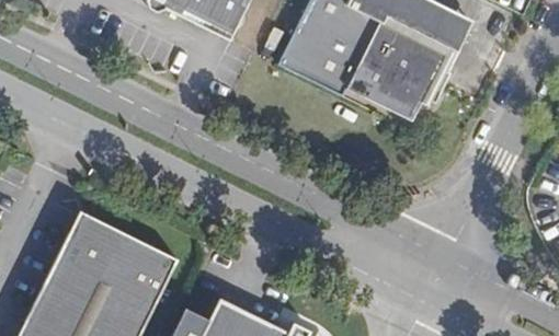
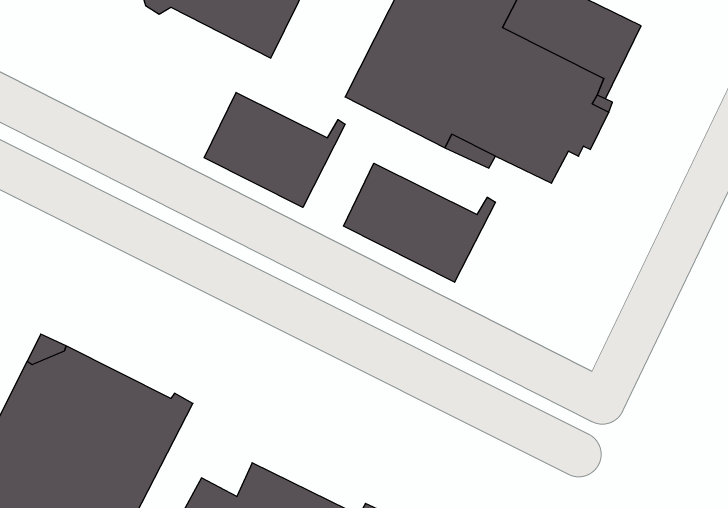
building: none -> [204,92,345,207]
building: none -> [343,163,495,282]

